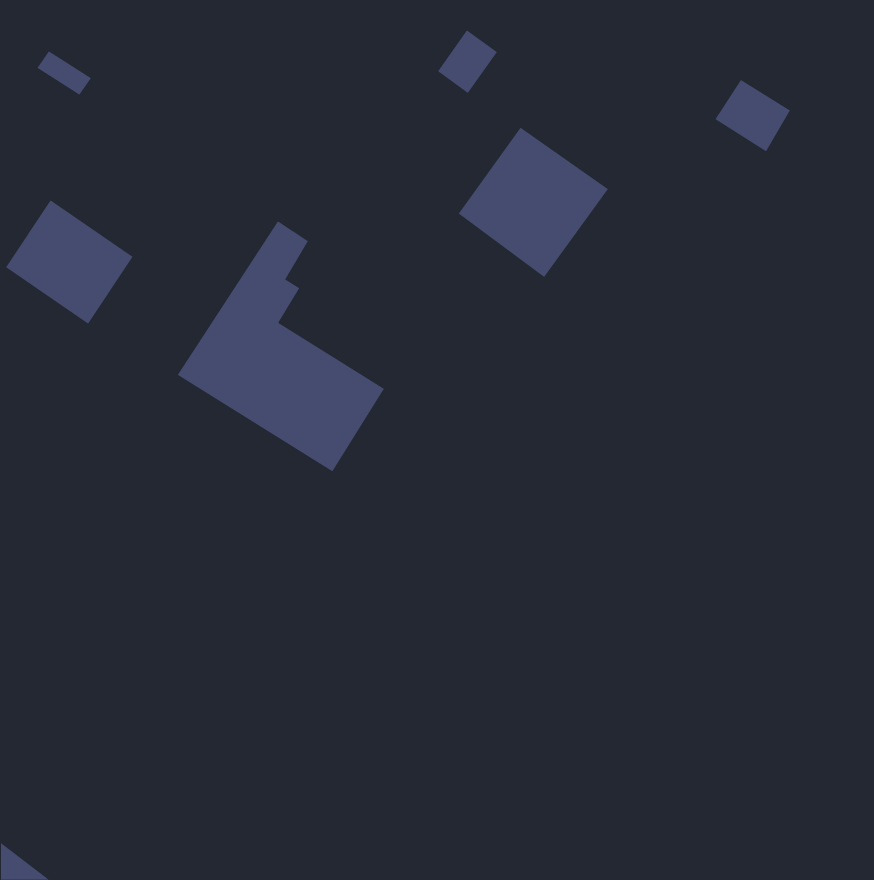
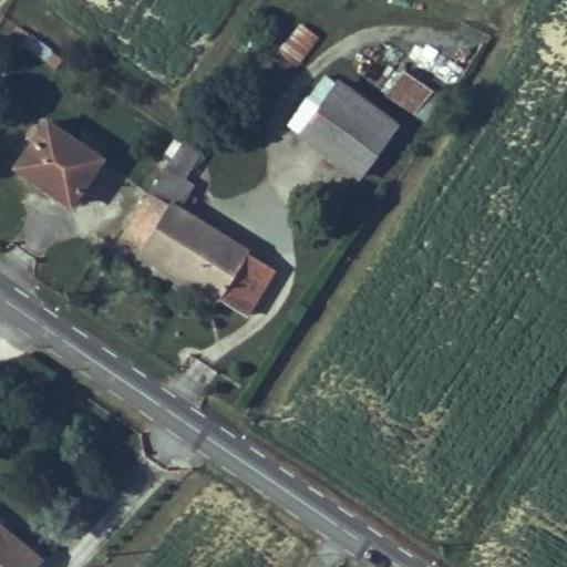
building: [715,79,791,152] -> [389,68,437,114]
building: none -> [220,248,282,319]

